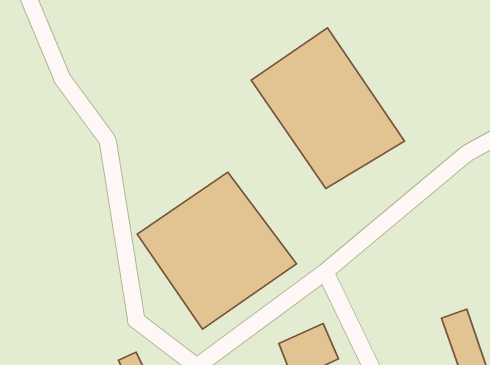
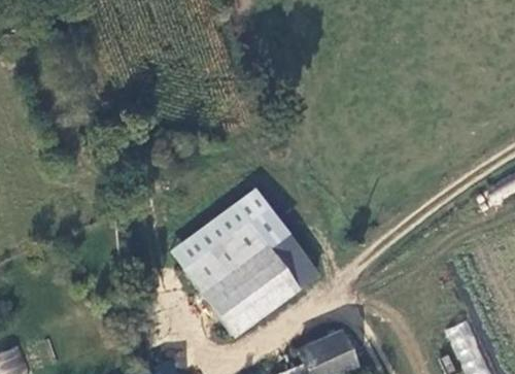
building: [251,28,405,188] -> none

